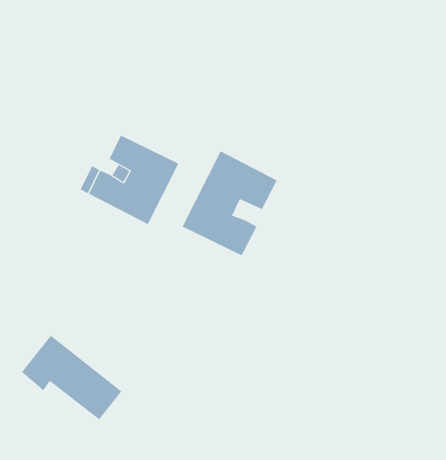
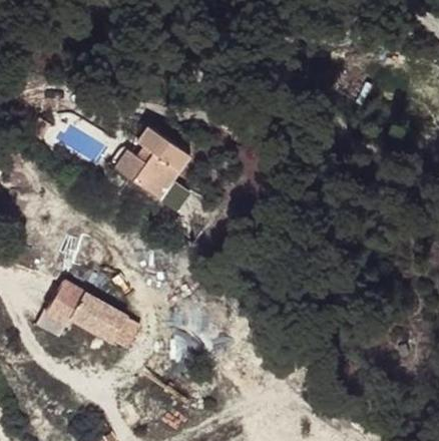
building: [182,150,278,256] -> none

